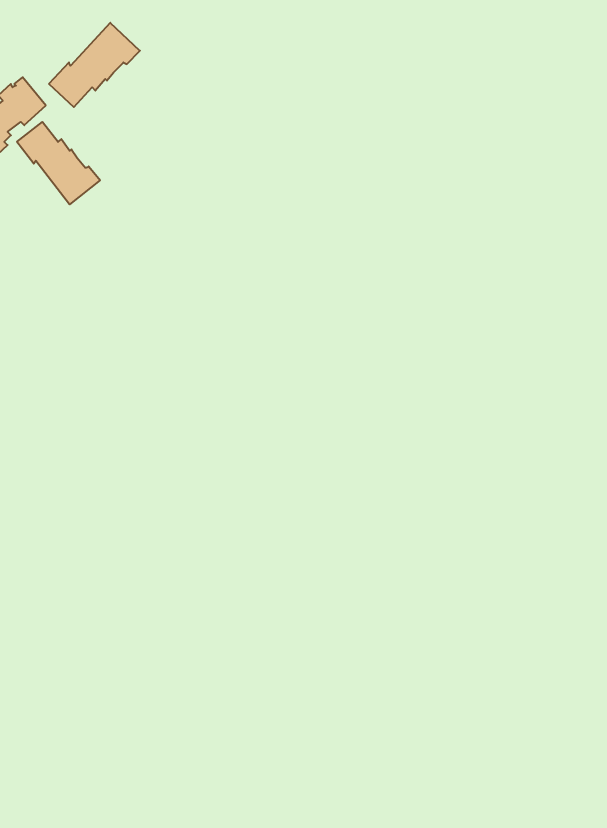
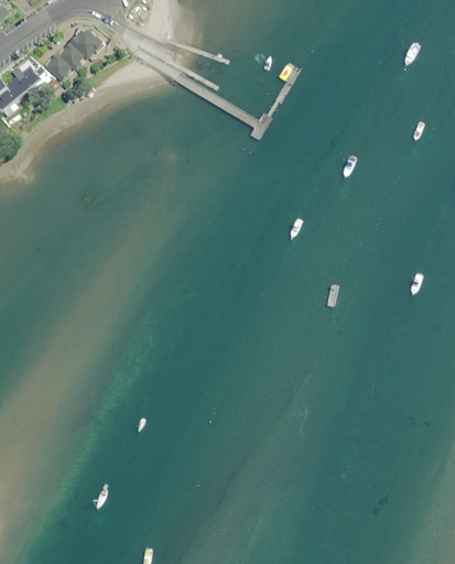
building: [17,122,100,204] -> none

